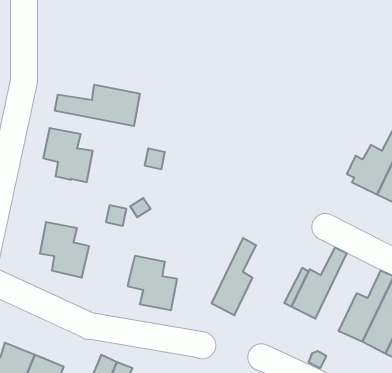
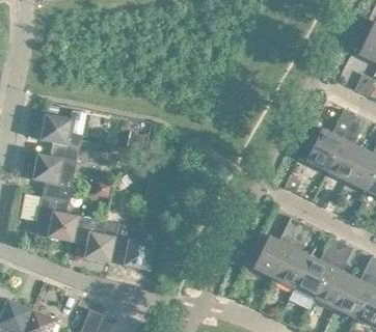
building: [55,85,140,126] -> none
building: none -> [31,154,74,200]
building: [212,238,256,315] -> [274,222,313,288]
building: none -> [73,216,115,262]

